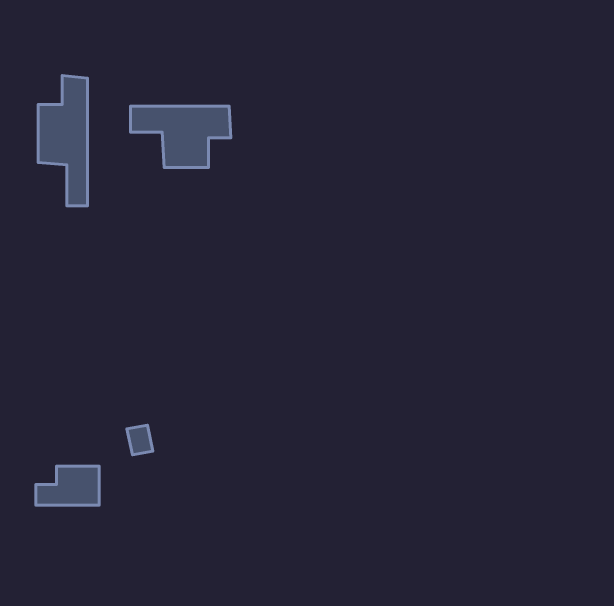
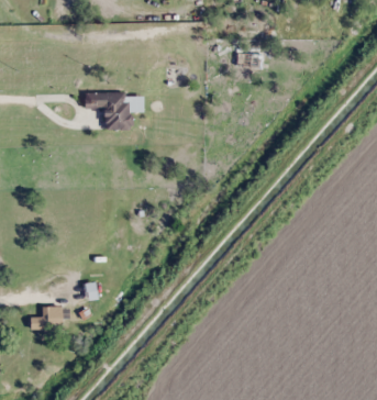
building: [38,76,88,206] -> none

